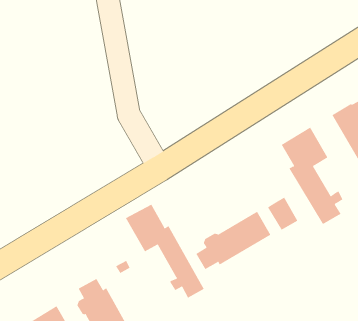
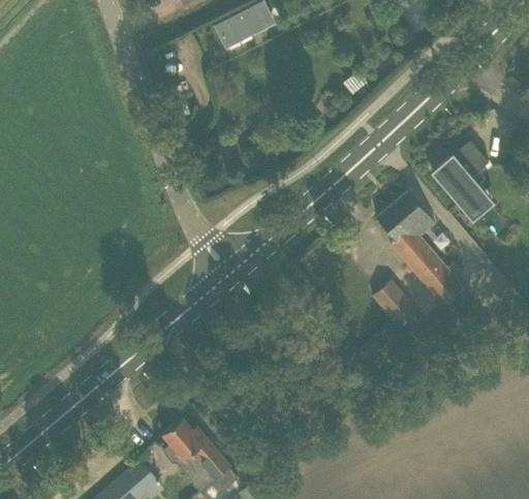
building: [125,204,204,298] -> none
building: [195,211,271,270] -> none

